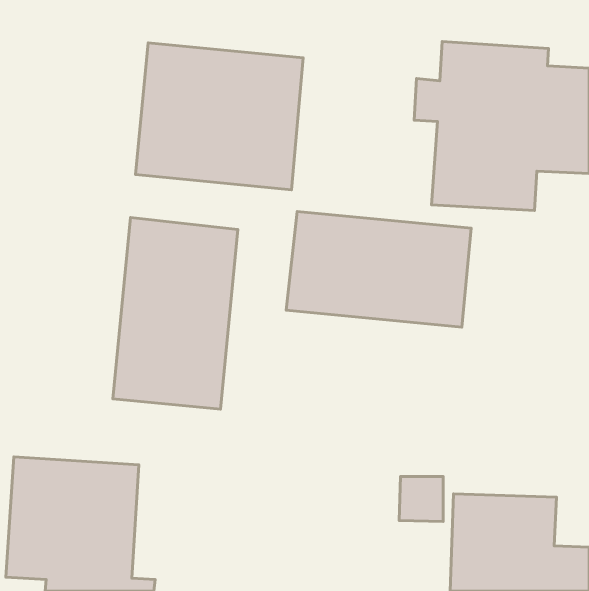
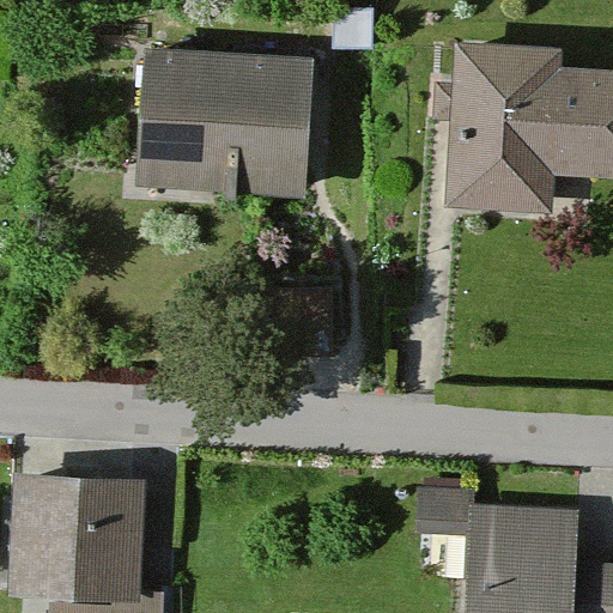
building: [286,211,471,327] -> none
building: [113,218,238,409] -> none

